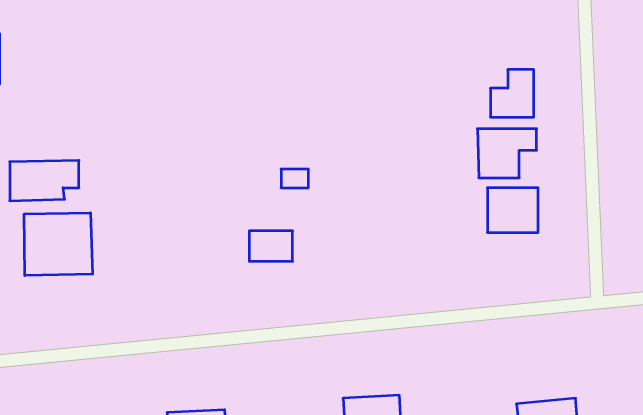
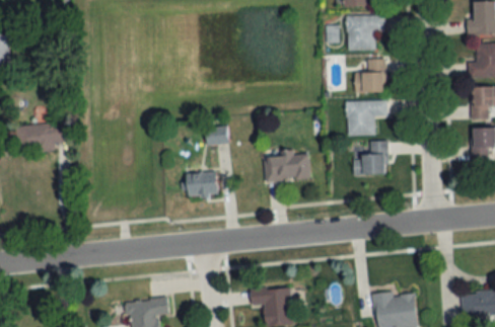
building: none -> [346,15,384,51]
building: none -> [266,152,309,180]
building: [24,213,93,276] -> none

